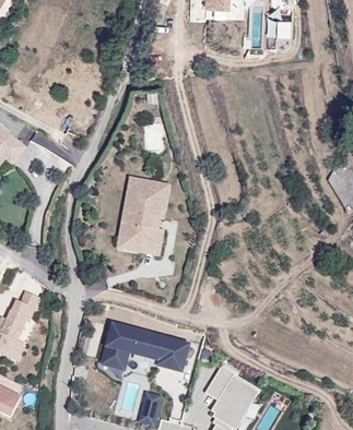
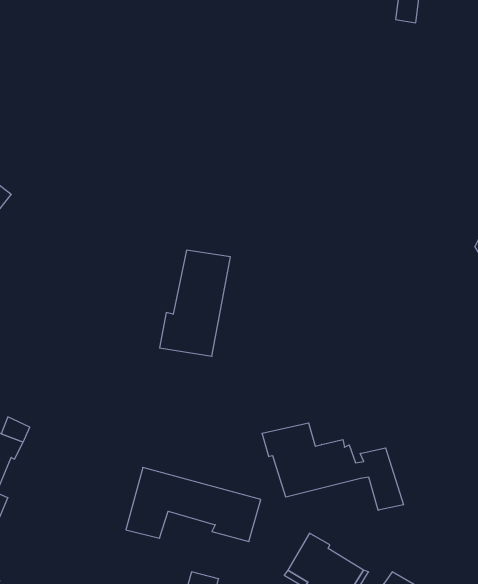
building: [117,177,168,254] -> none
building: none -> [262,423,404,510]

